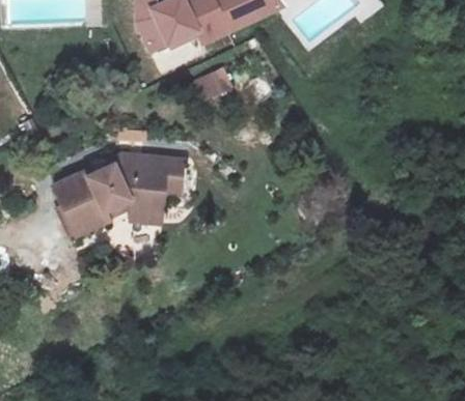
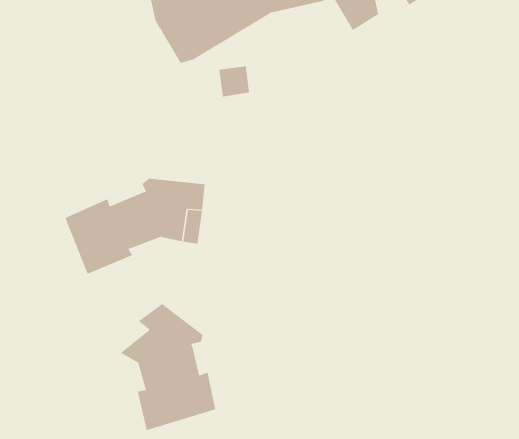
building: none -> [120,303,216,431]

